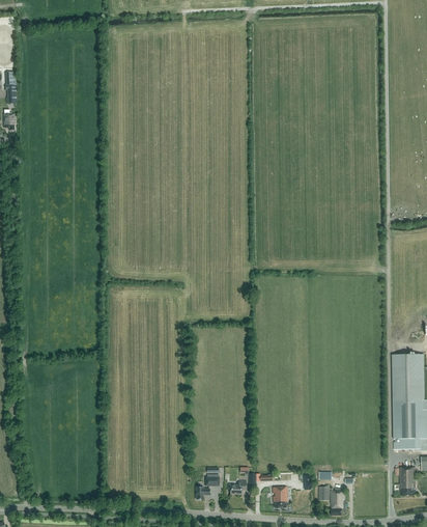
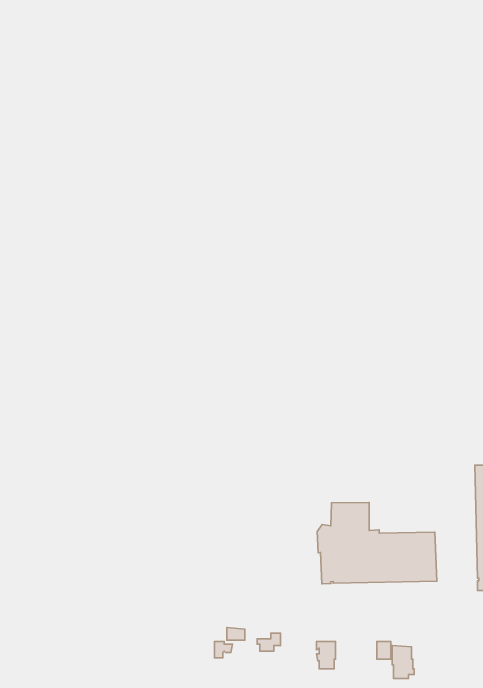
building: none -> [317,502,437,584]

